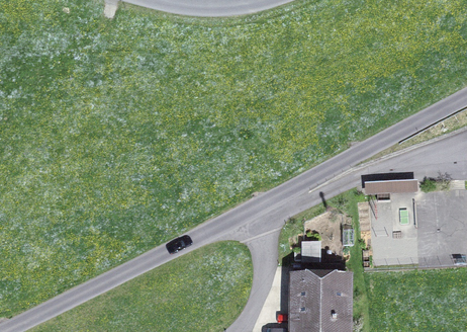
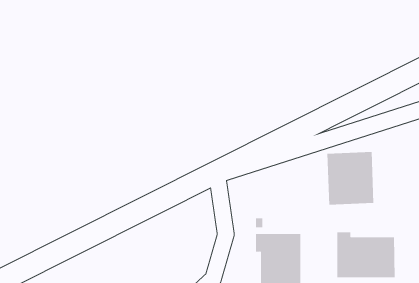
building: none -> [337,232,395,278]

